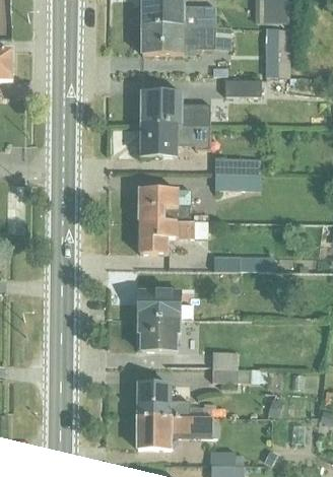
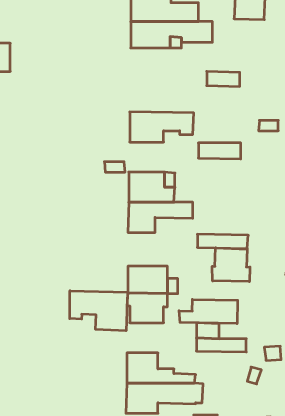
building: [265,27,288,77] -> none
building: [141,91,210,125] -> none
building: [215,174,261,192] -> none
building: none -> [212,248,250,282]
building: none -> [70,291,127,331]
building: none -> [179,299,238,324]

